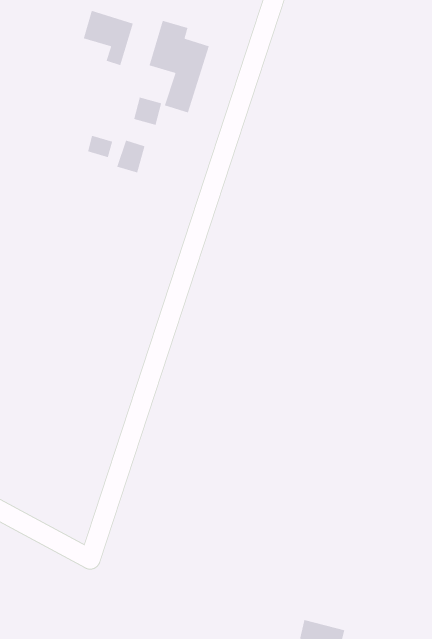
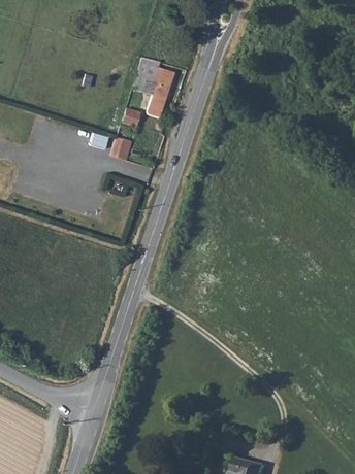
building: [83,10,134,66] -> none

